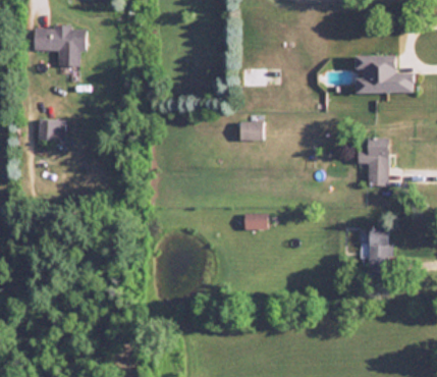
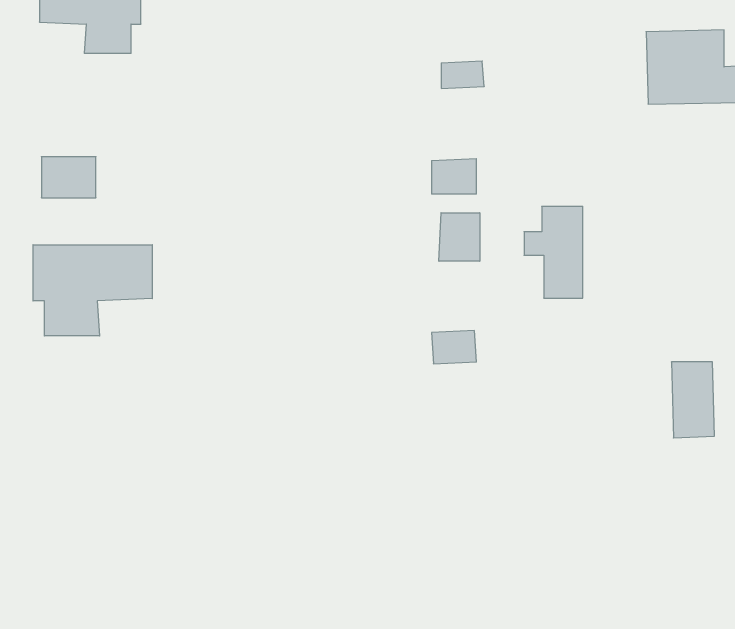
building: [357,137,387,184] -> [524,206,583,298]
building: none -> [439,213,480,261]
building: none -> [33,245,152,336]

